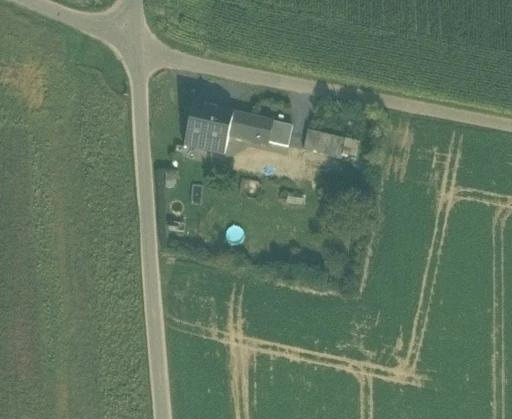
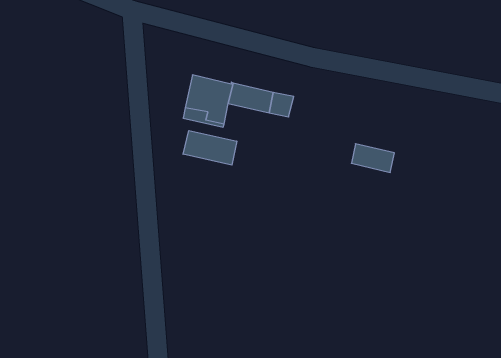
building: [305,129,347,157] -> [351,144,394,172]
building: none -> [183,131,237,165]

